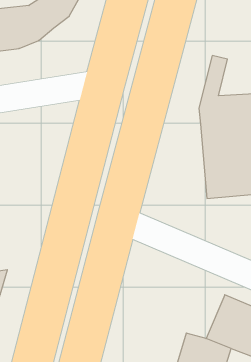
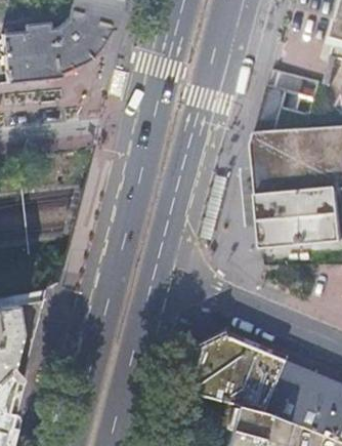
building: none -> [189,335,284,410]

